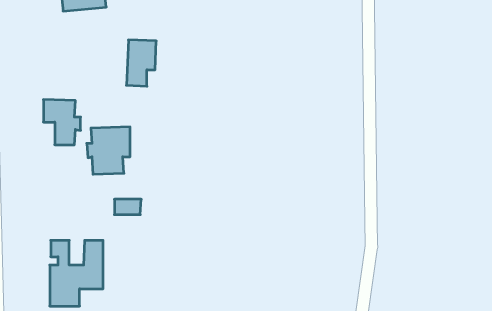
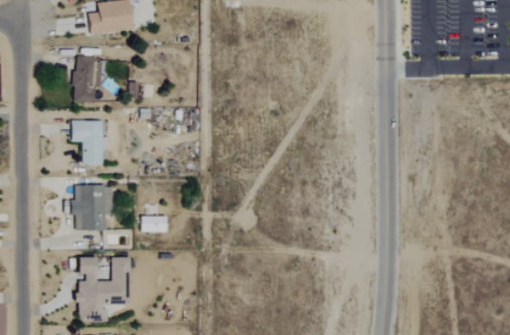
building: [126,40,156,86] -> [73,57,102,102]
building: [87,127,130,174] -> [70,185,112,231]

